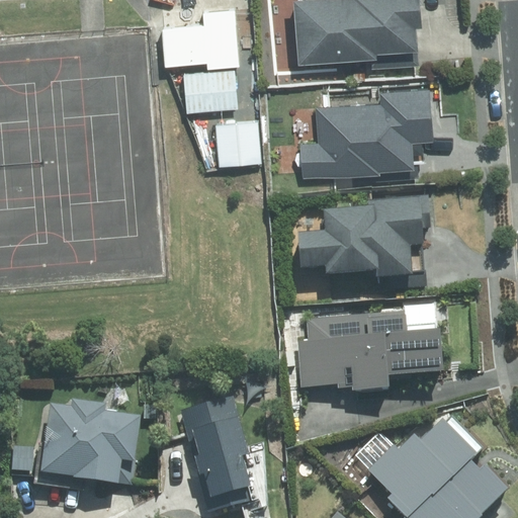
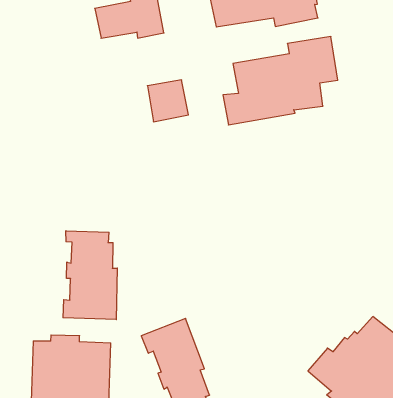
building: [182,64,236,108] -> none
building: [297,195,430,278] -> none
building: none -> [63,231,117,320]
building: [295,312,445,393] -> none

